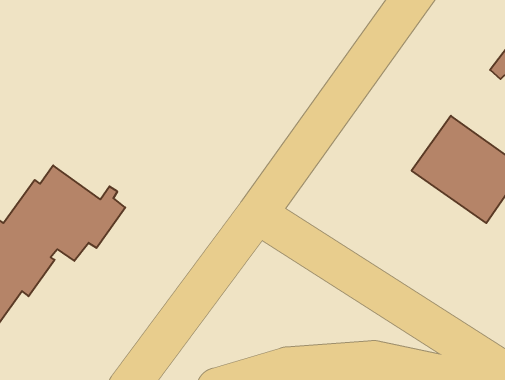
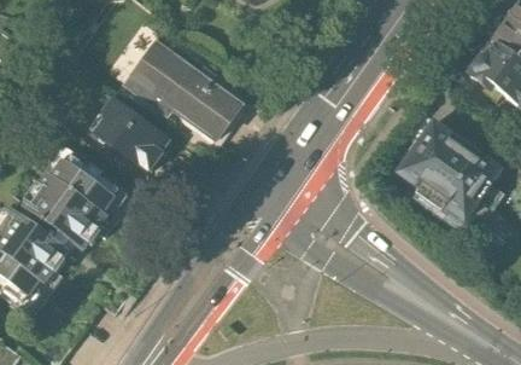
building: none -> [124,42,242,138]
building: none -> [93,94,168,167]

